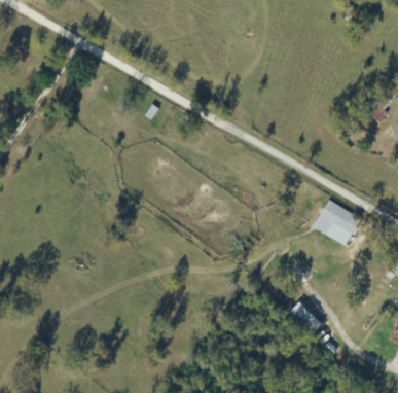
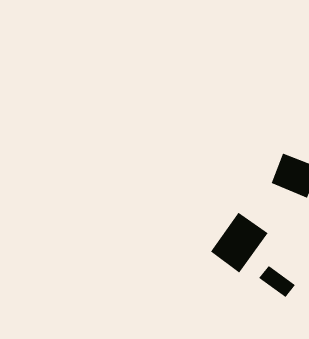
building: none -> [210,212,269,273]

